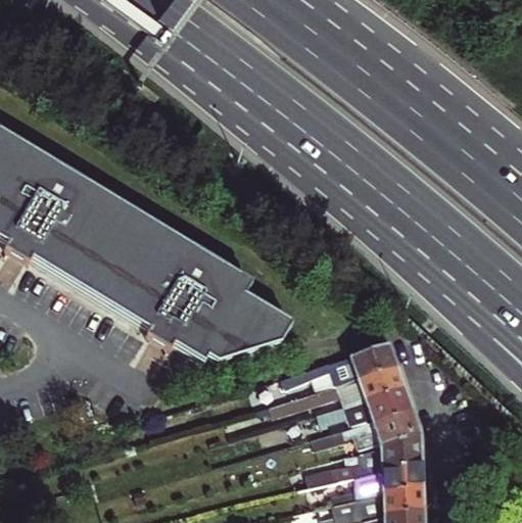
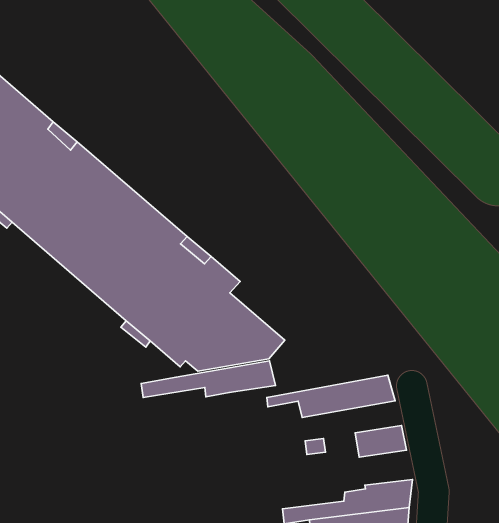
building: [286,370,407,416] -> [141,361,276,397]
building: [313,413,422,450] -> none

